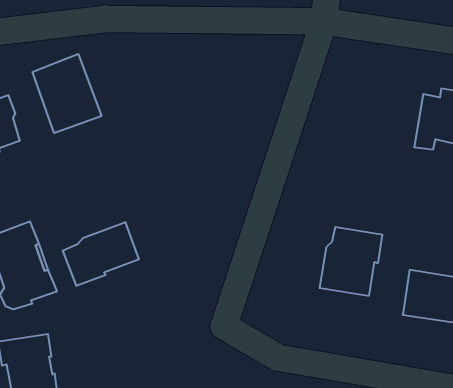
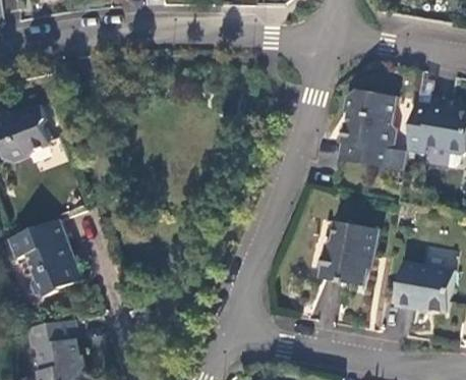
building: [32,54,101,133] -> none
building: none -> [335,90,405,170]
building: [63,222,139,286] -> none

